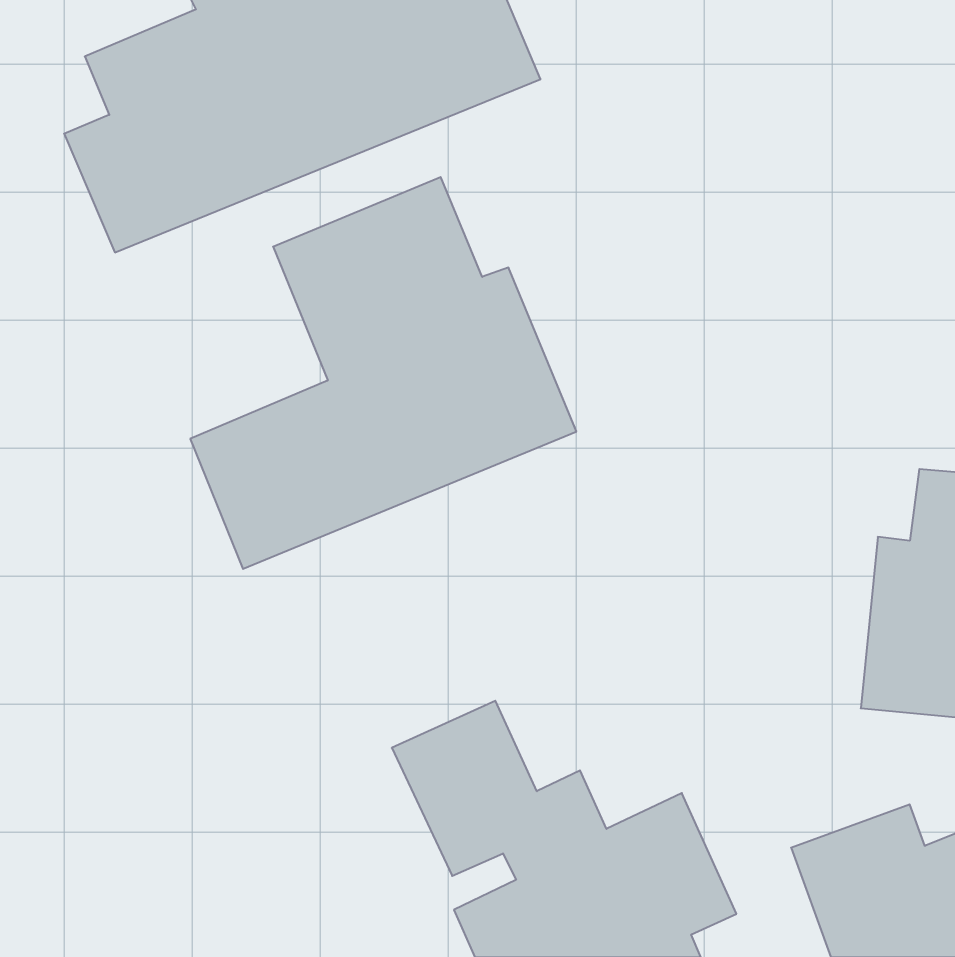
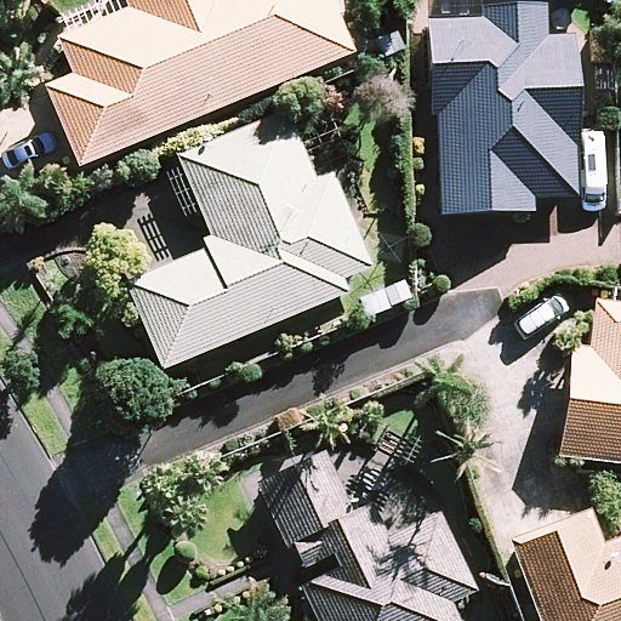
building: none -> [431,12,586,224]

